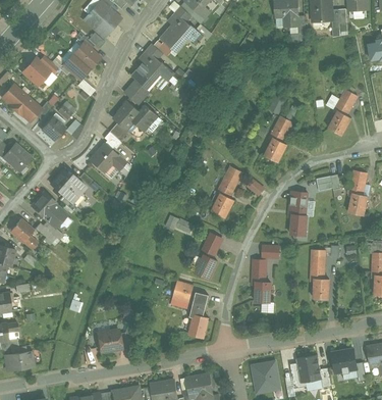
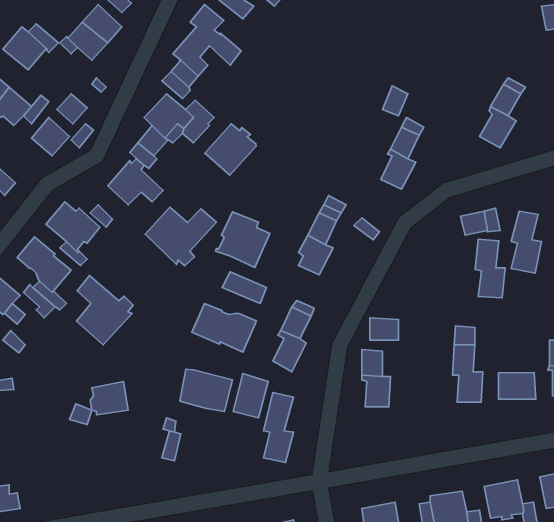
building: none -> [205,124,256,175]
building: none -> [145,207,216,266]
building: none -> [215,212,270,268]
building: [288,197,308,235] -> [475,239,505,298]
building: none -> [76,275,133,345]
building: none -> [192,303,256,352]
building: none -> [180,369,232,411]
building: none -> [498,373,536,399]
building: [97,330,121,351] -> [90,381,128,415]

